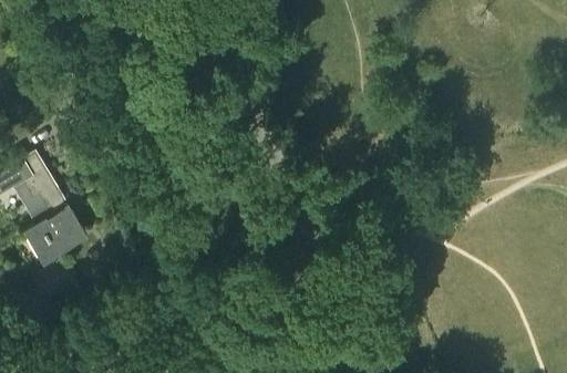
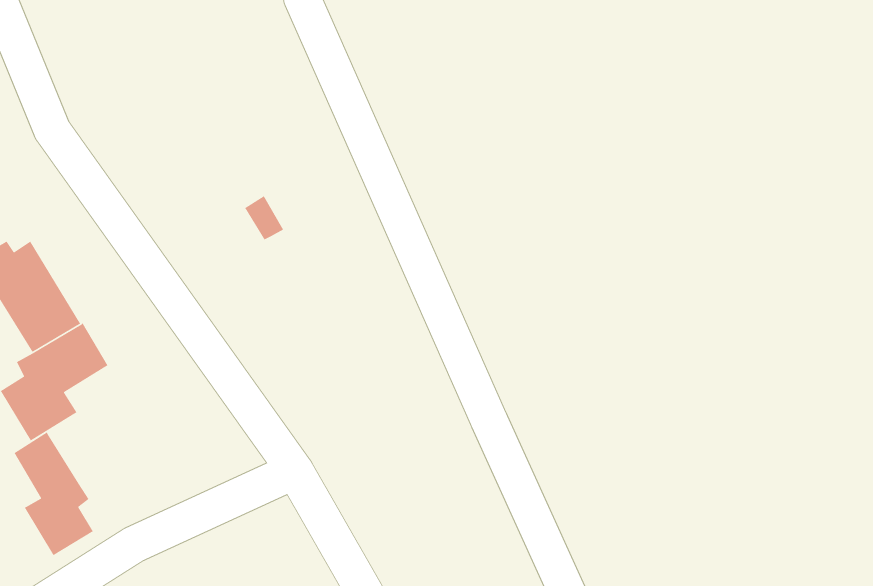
building: none -> [13,431,94,556]

